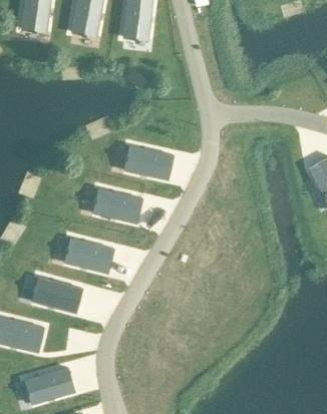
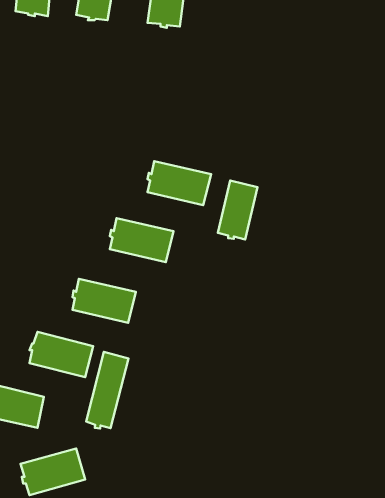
building: none -> [218,181,257,239]
building: none -> [86,352,128,429]

